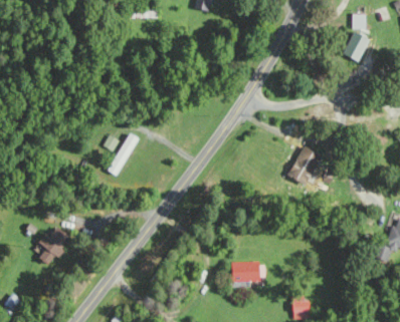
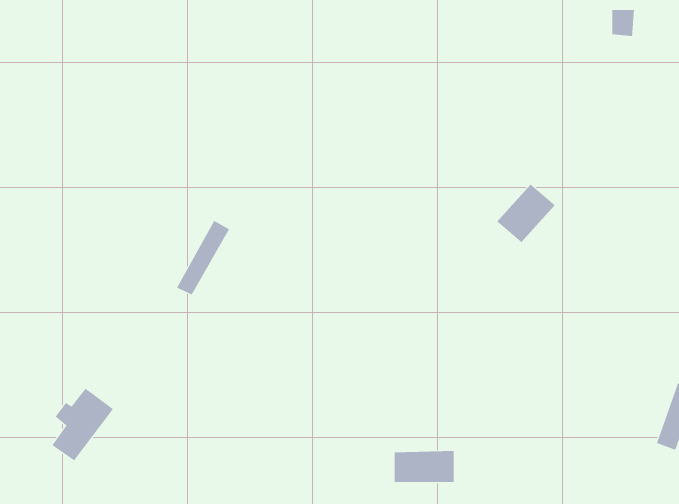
building: [343,32,370,61] -> none
building: [280,152,314,186] -> [496,184,555,243]

